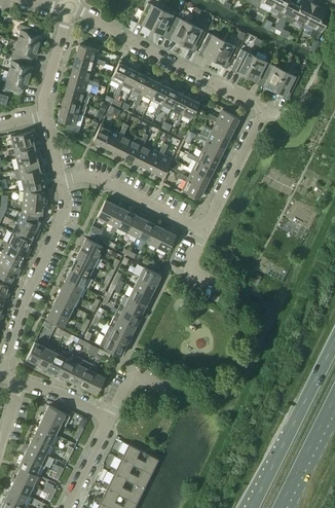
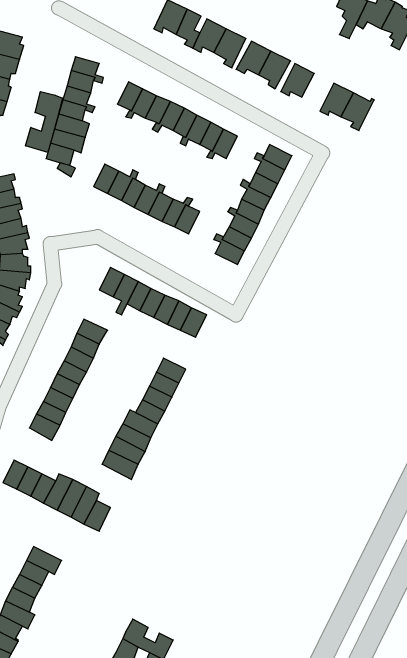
building: [247,52,270,85] -> none
building: none -> [26,92,63,152]
building: [122,444,159,475] -> none

